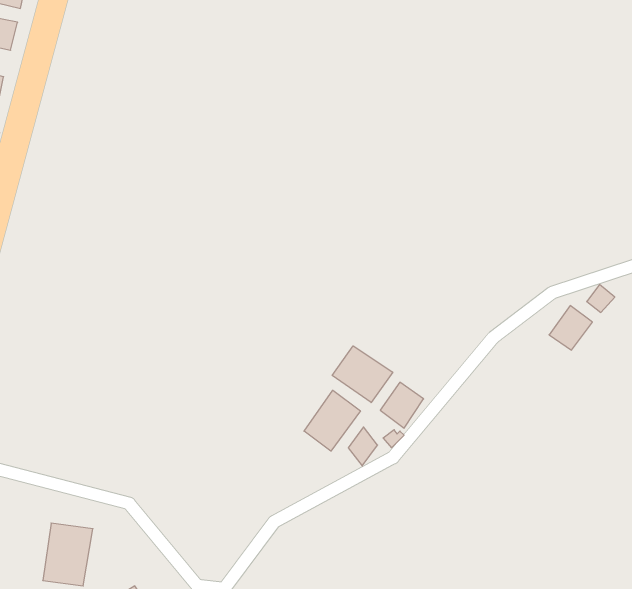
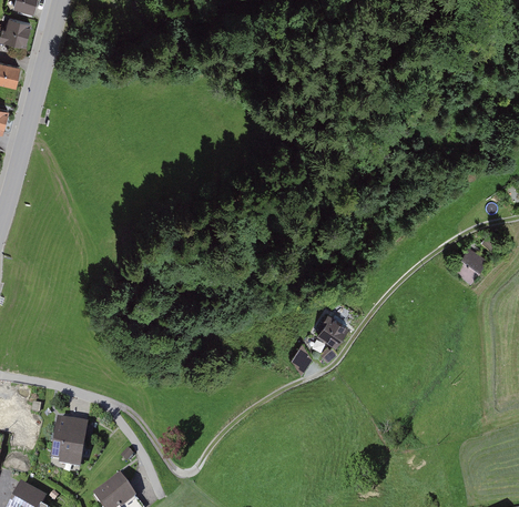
building: [332,346,393,403] -> none
building: [304,390,360,451] -> none

